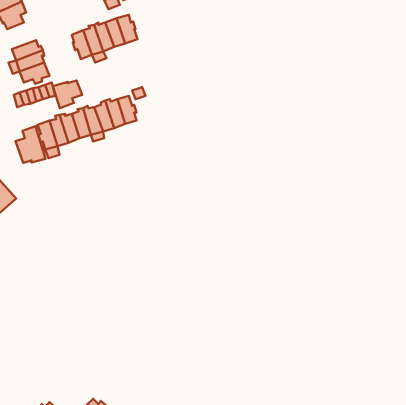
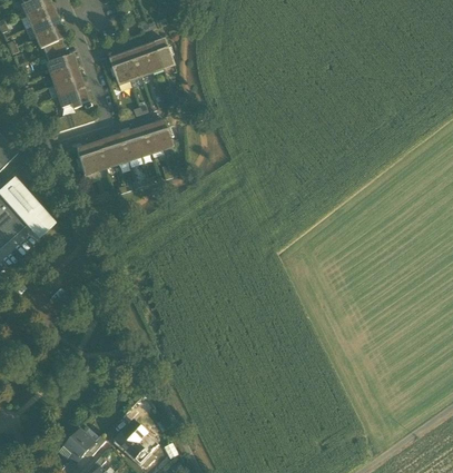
building: none -> [46,47,75,73]
building: [53,81,82,108] -> none
building: [15,126,46,163] -> none

